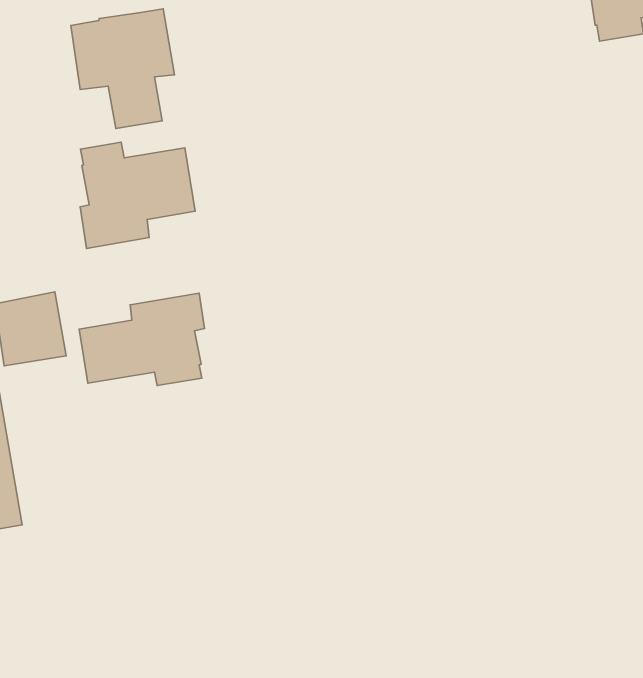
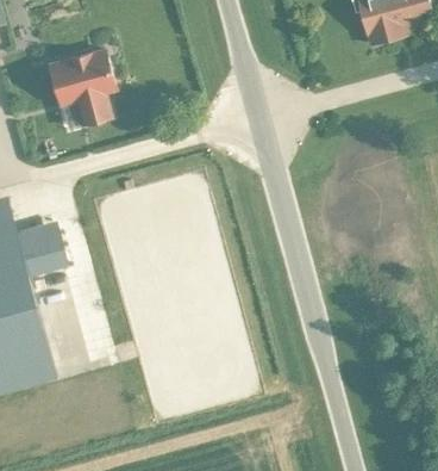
building: [80,142,195,249] -> none
building: [79,293,204,386] -> none

